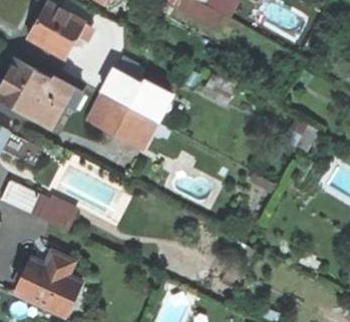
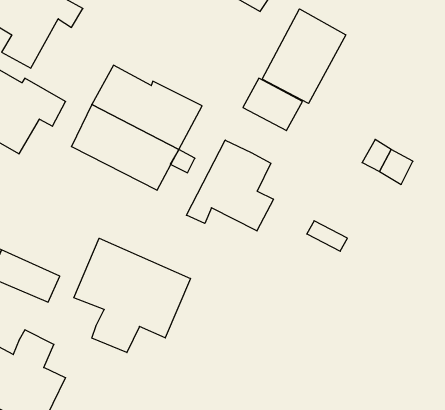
building: none -> [262,9,346,103]
building: none -> [186,140,273,231]
building: none -> [74,238,190,353]

